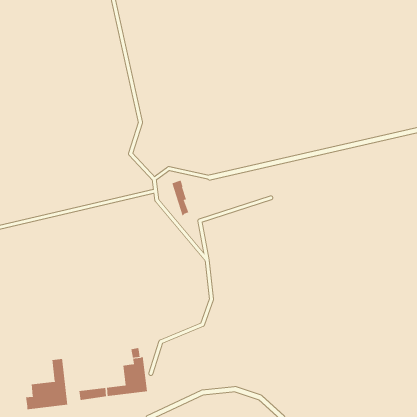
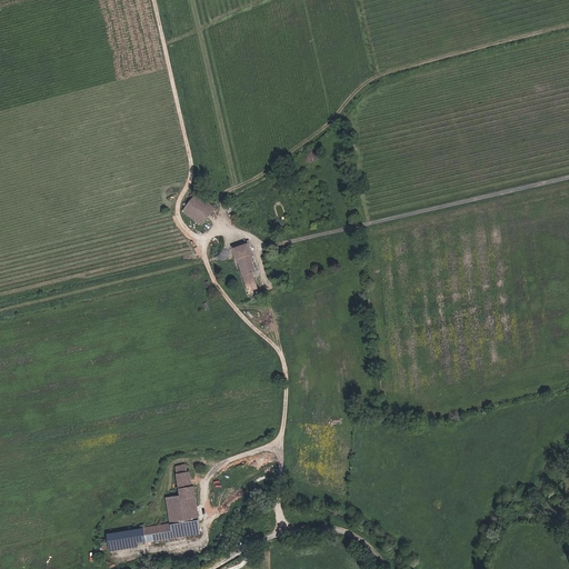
building: none -> [181,196,213,228]
building: [25,358,68,410] -> none

